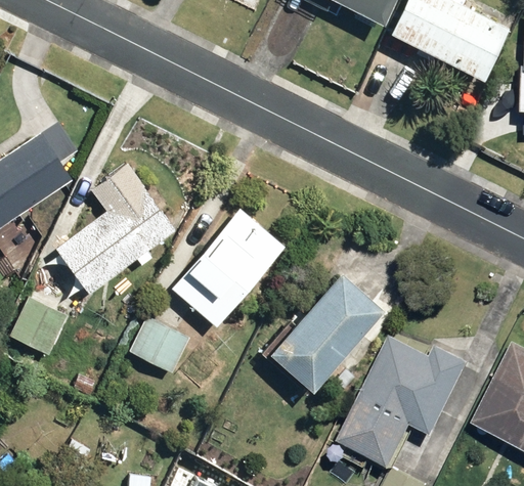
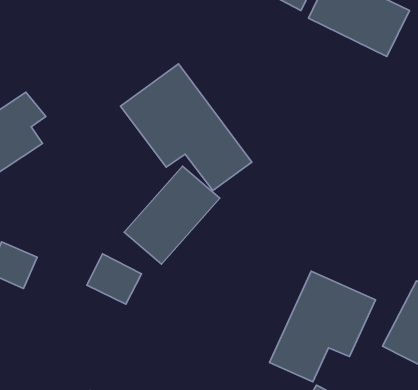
building: none -> [121,64,252,191]
building: [55,163,179,296] -> none
building: [266,272,381,393] -> none

